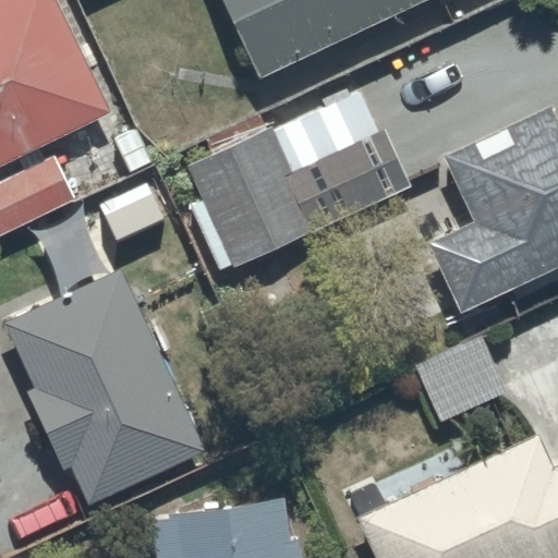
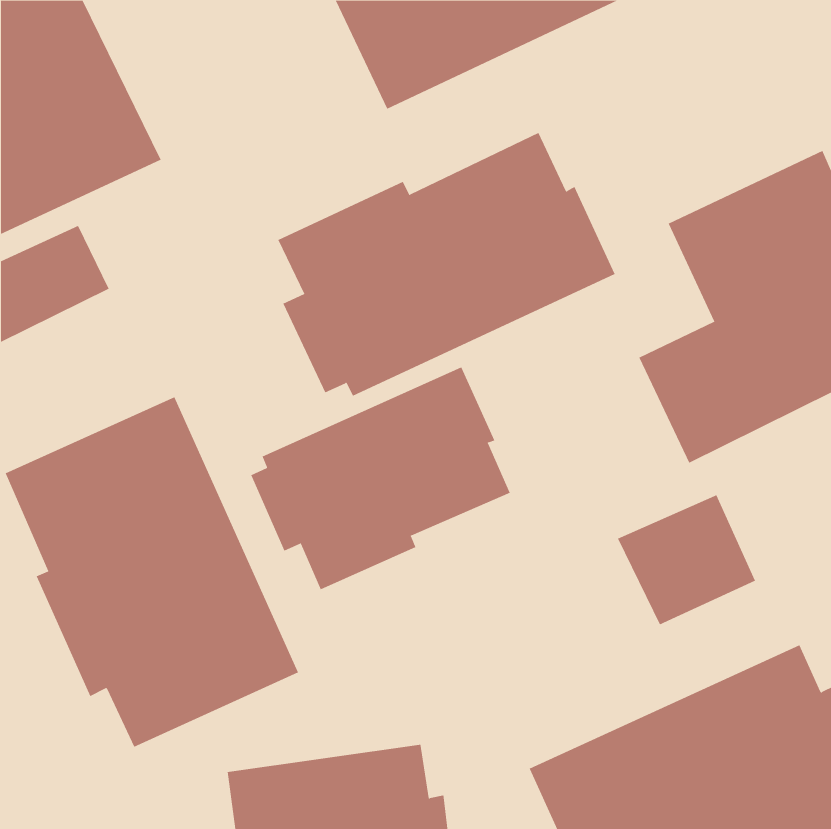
building: none -> [250,366,511,590]

